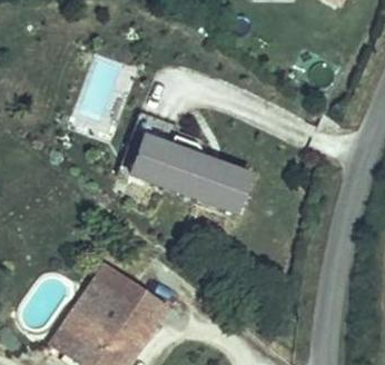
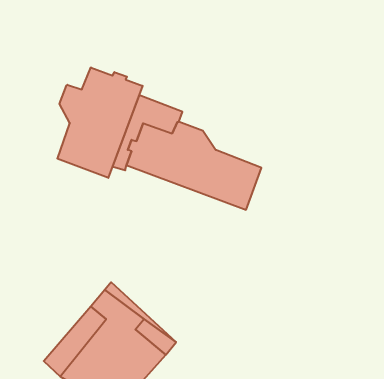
building: none -> [57,67,143,178]

